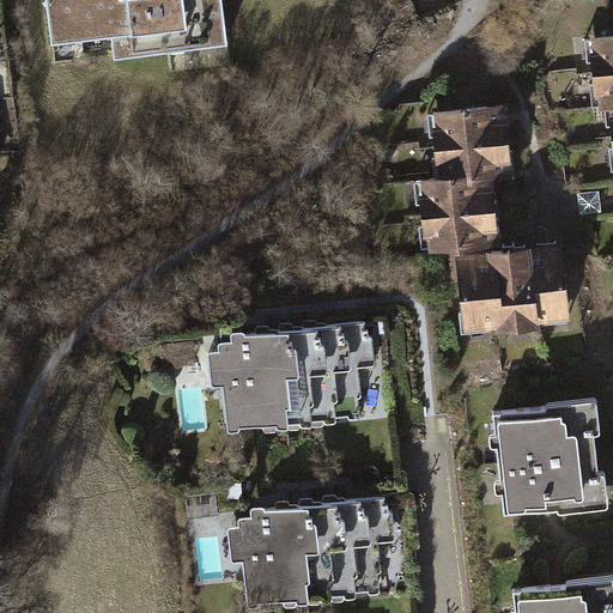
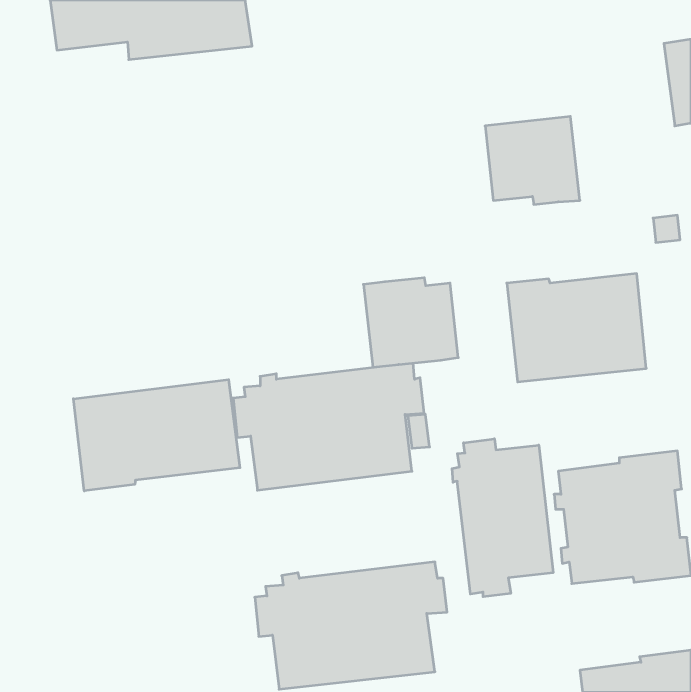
building: [417,174,500,253] -> [363,278,458,367]
building: none -> [73,380,240,491]
building: none -> [452,439,553,597]

